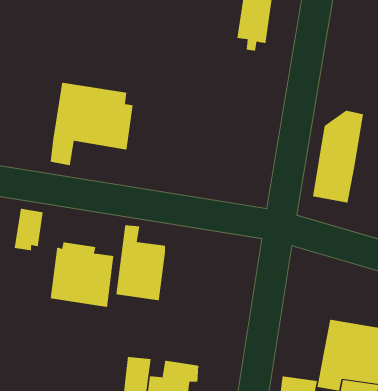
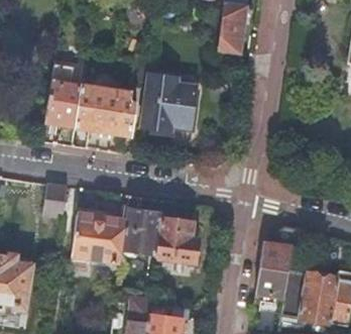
building: none -> [45,67,81,129]
building: none -> [146,76,196,130]
building: [312,110,364,203] -> [257,225,298,298]
building: none -> [156,218,199,263]

